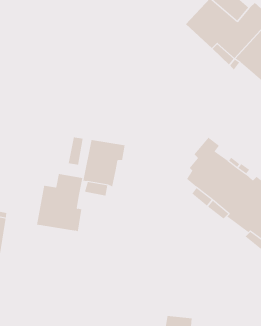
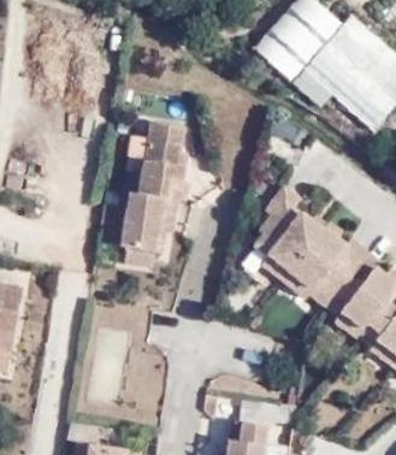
building: [36,173,83,232] -> [126,123,188,200]

